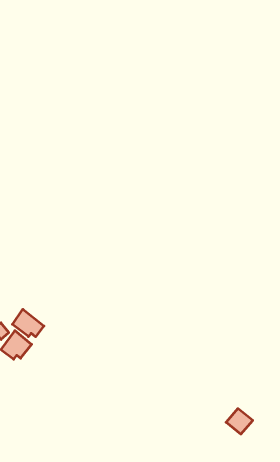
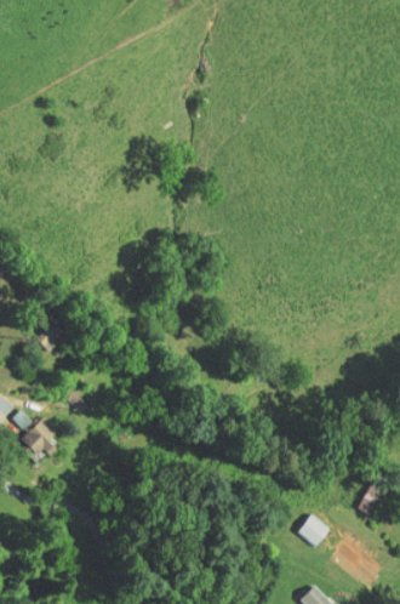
building: [12,309,44,337] -> none

